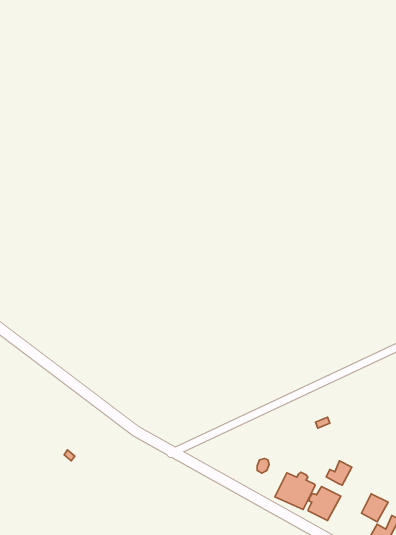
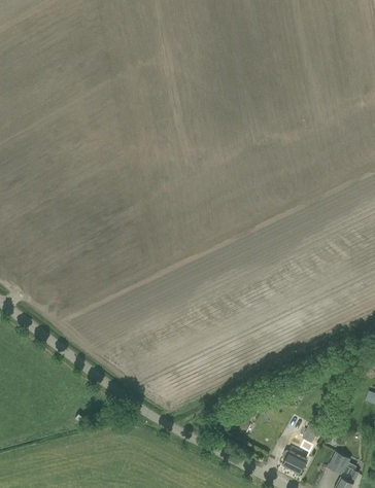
building: [275,472,315,510] -> none

